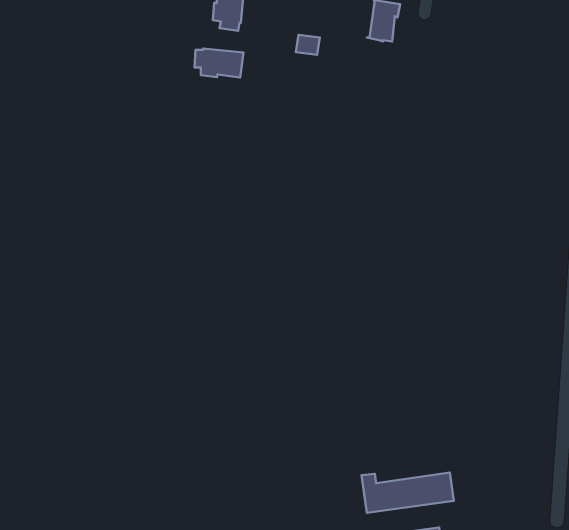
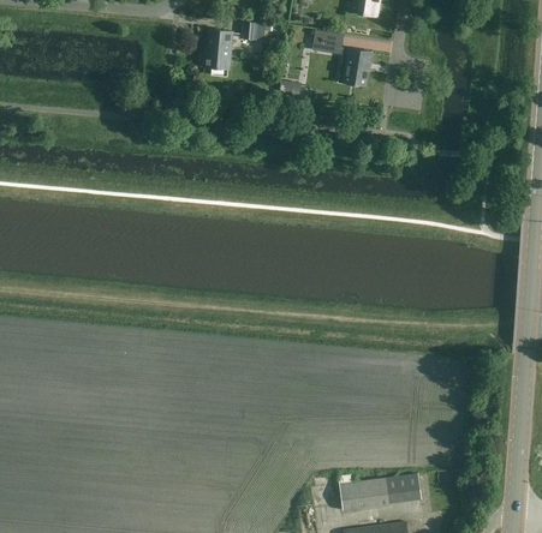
building: [195,49,244,78] -> none

